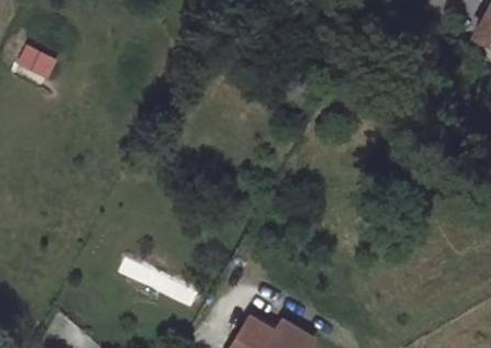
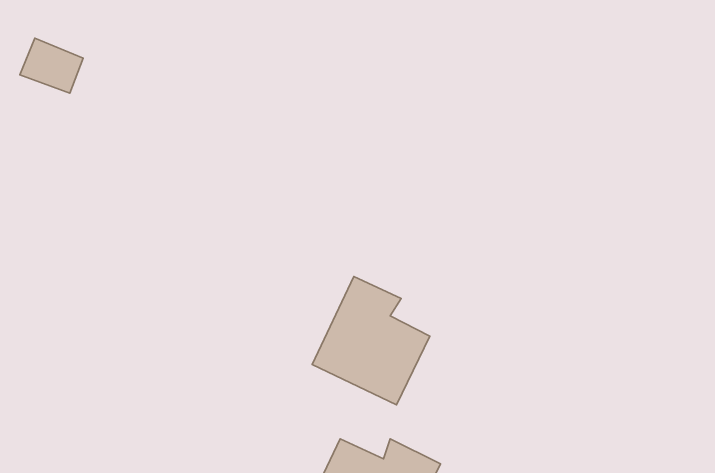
building: none -> [312,276,430,405]

